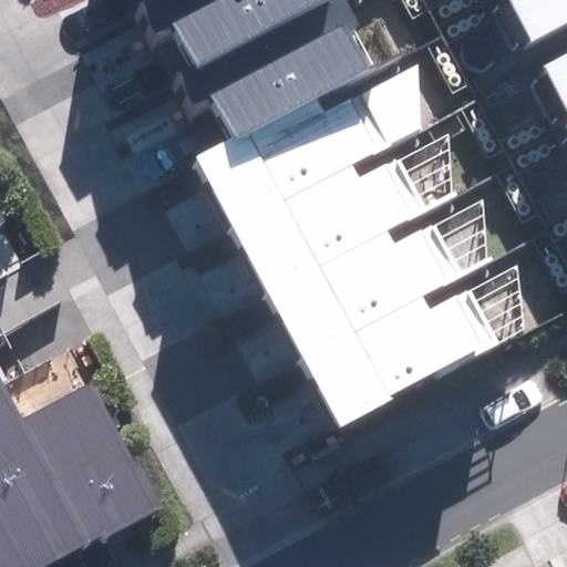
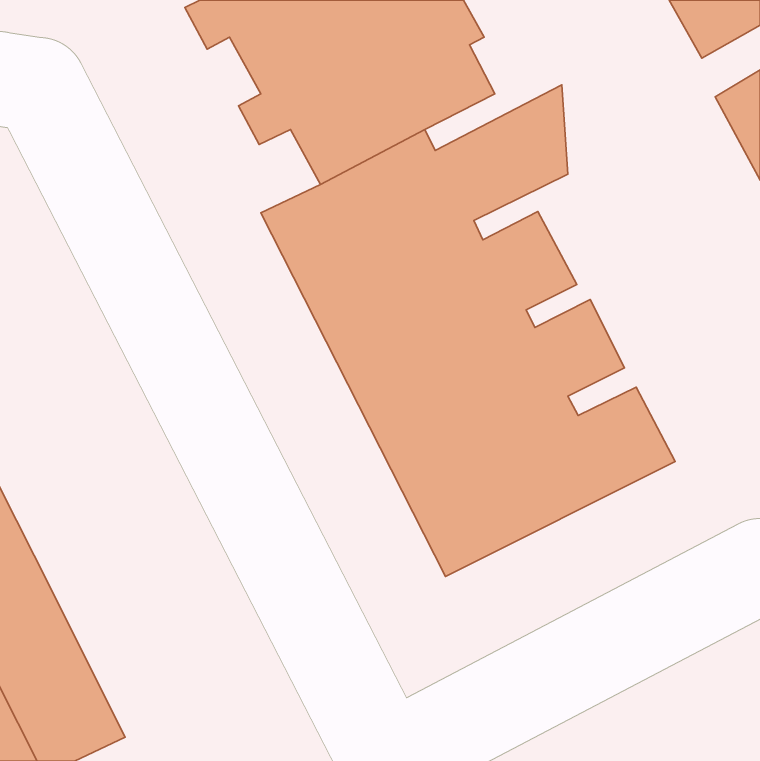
building: [25,379,164,548] -> none

